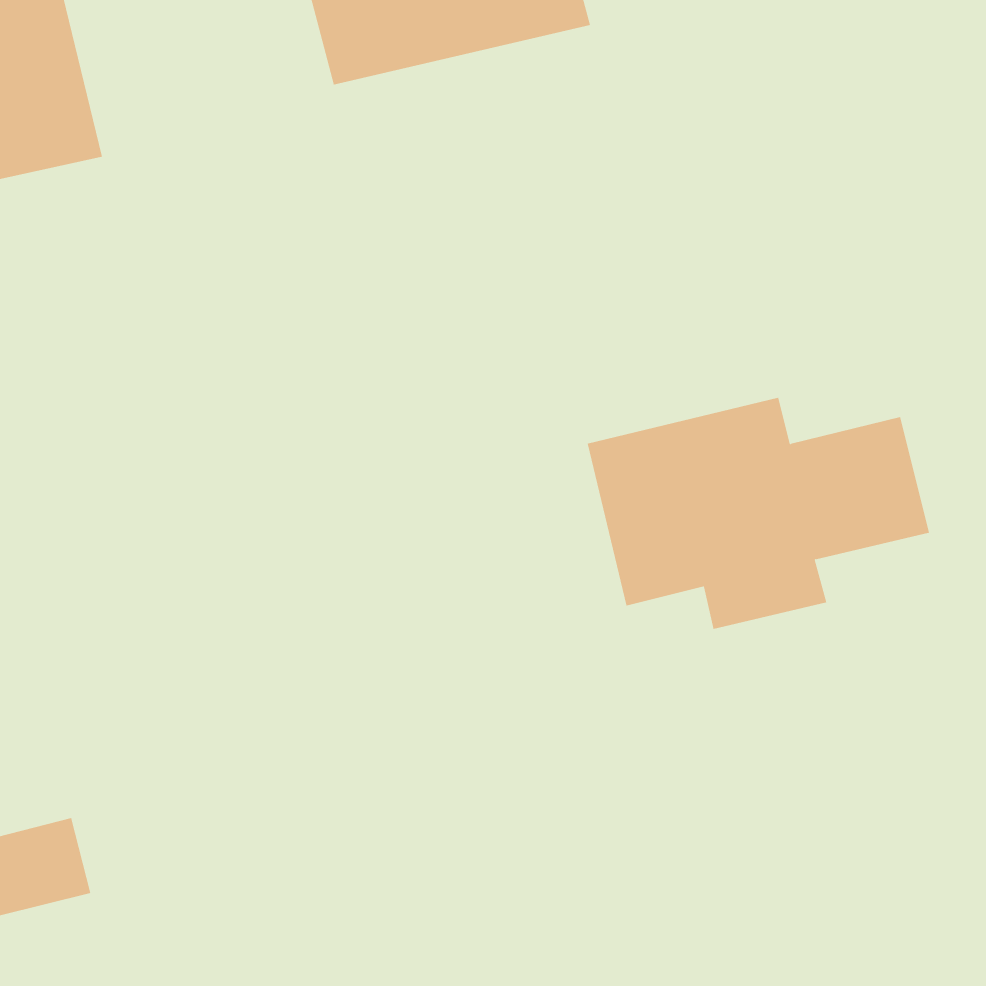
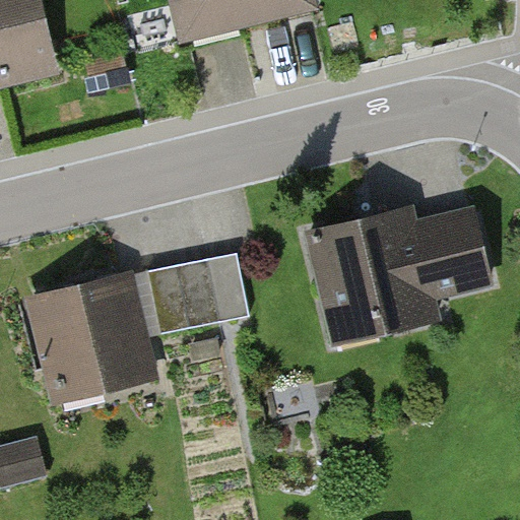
building: none -> [147,253,250,332]
building: none -> [36,277,146,386]

